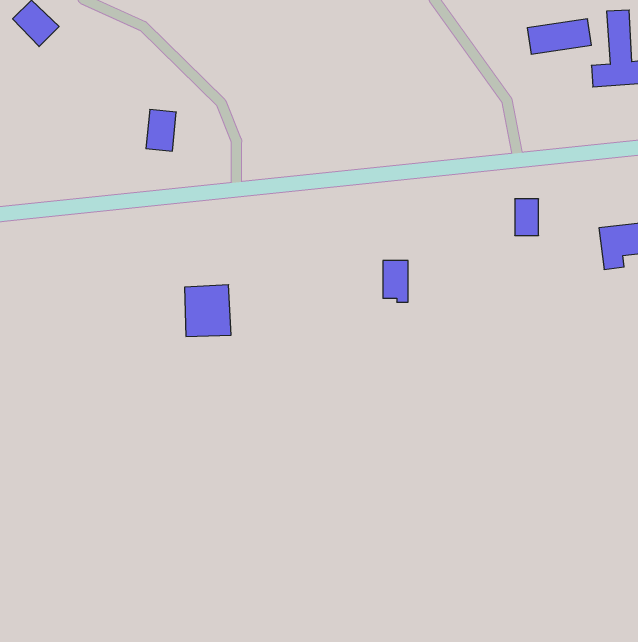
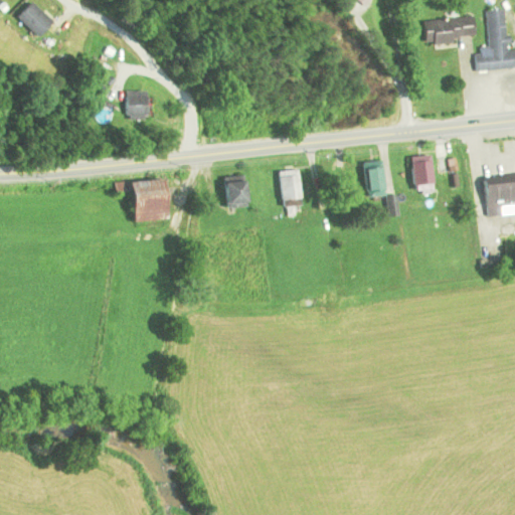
building: none -> [366,161,385,191]
building: none -> [224,180,248,206]
building: [383,261,408,302] -> [283,169,303,202]
building: [185,285,231,336] -> [130,178,167,219]

